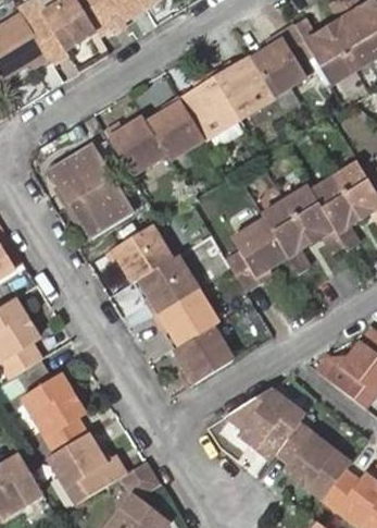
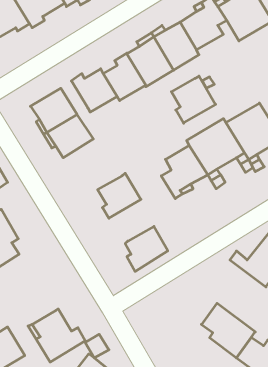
building: none -> [171,76,216,123]
building: [110,224,173,280] -> none
building: [155,288,219,344] -> none
building: [24,377,85,454] -> none
building: [224,388,306,461] -> none

